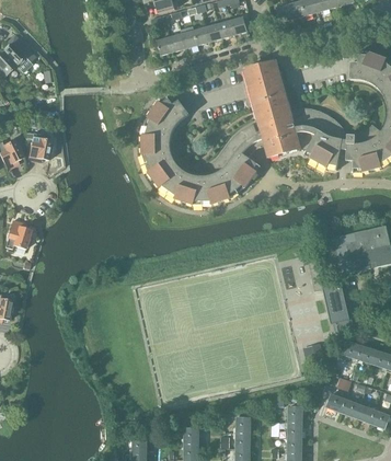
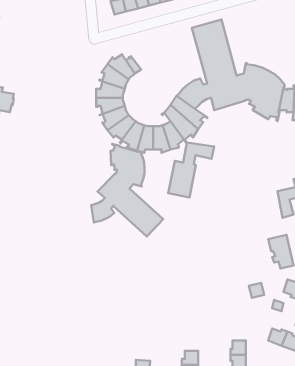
building: none -> [168,143,214,197]
building: none -> [91,144,163,237]

